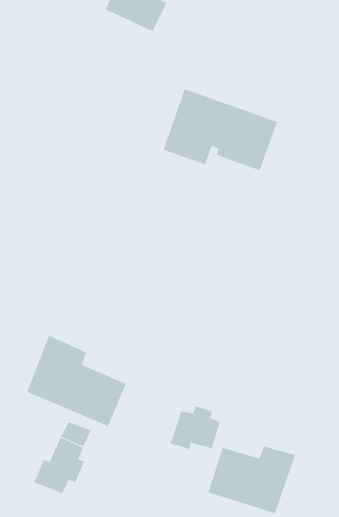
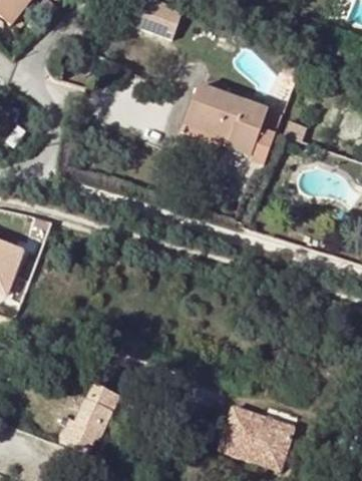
building: [26,335,126,427] -> none
building: [170,405,220,450] -> none

